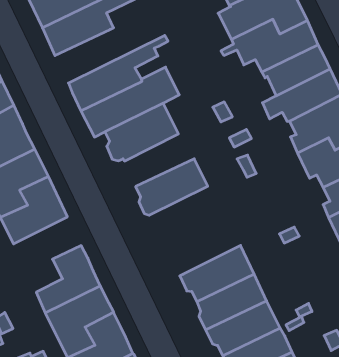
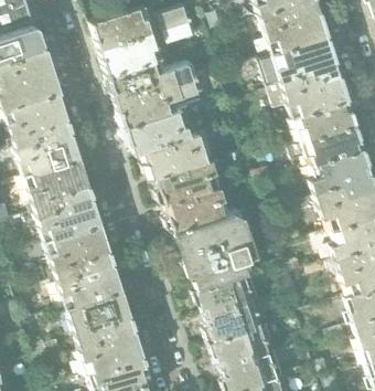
building: none -> [108,61,216,104]
building: none -> [157,162,221,205]
building: none -> [173,211,257,290]
building: none -> [47,224,108,288]

